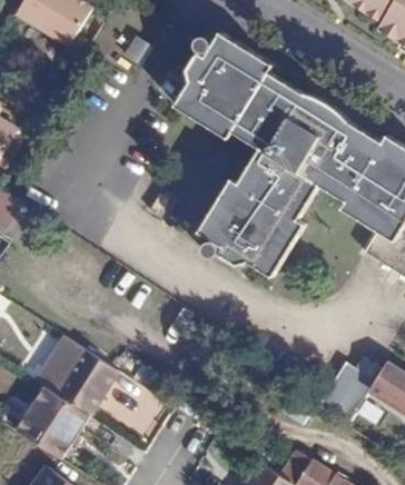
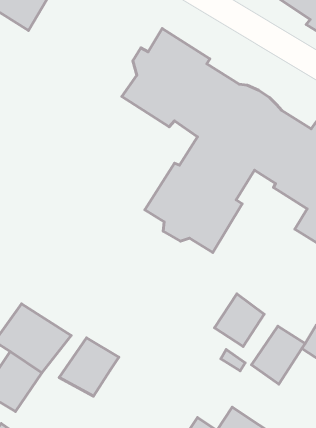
building: none -> [215,294,264,346]
building: none -> [59,338,119,396]

